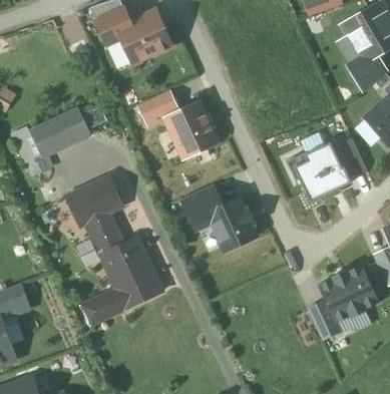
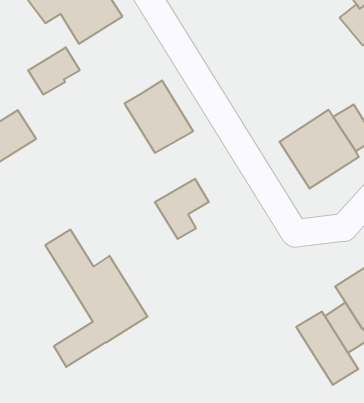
building: [136,89,178,125] -> [28,47,80,94]
building: [67,177,122,226] -> none
building: [206,196,258,251] -> none
building: none -> [296,311,358,385]

